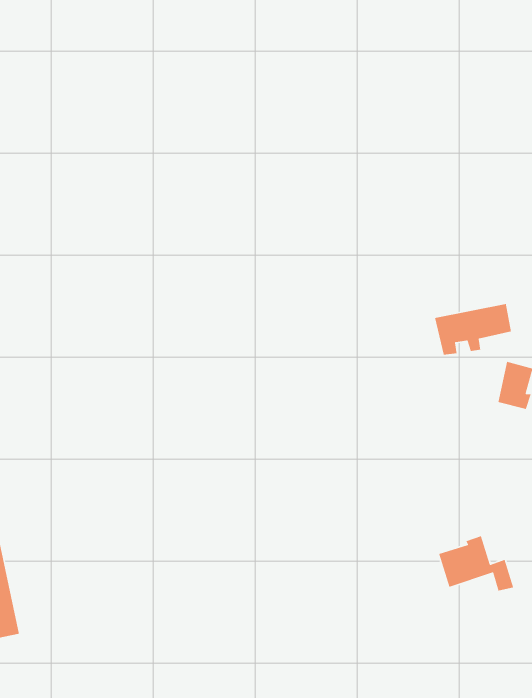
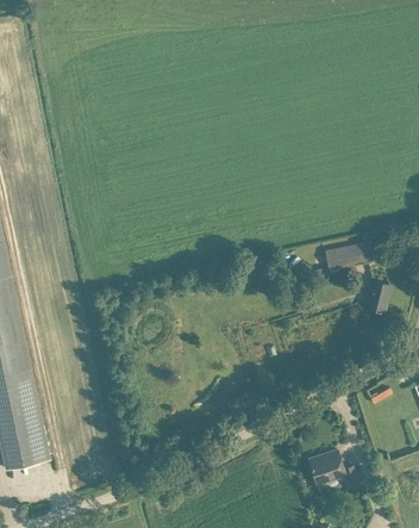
building: [438,535,514,591] -> [308,451,358,487]

